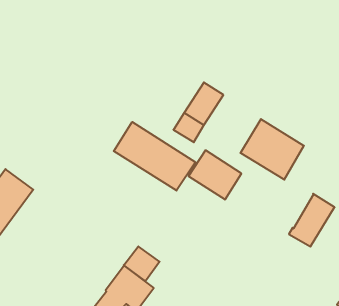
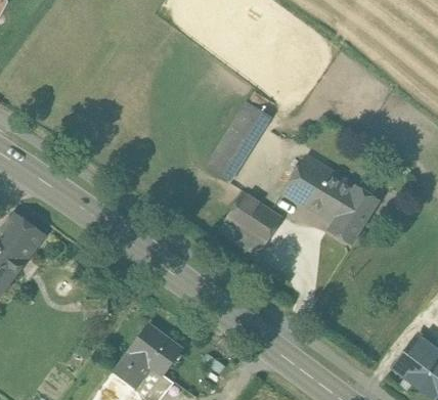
building: [114,122,195,191] -> none
building: [289,194,335,247] -> [327,184,380,245]
building: [124,246,160,281] -> none

